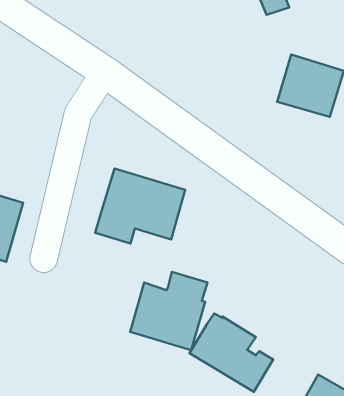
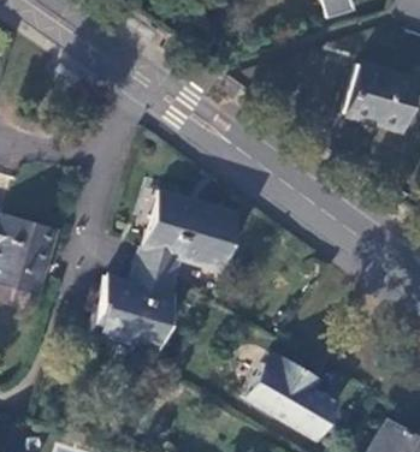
building: [130,272,207,350] -> [90,262,177,350]

